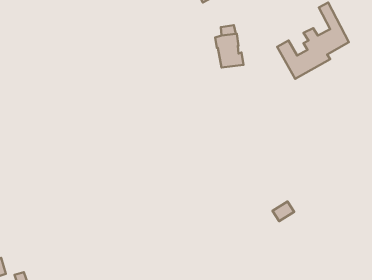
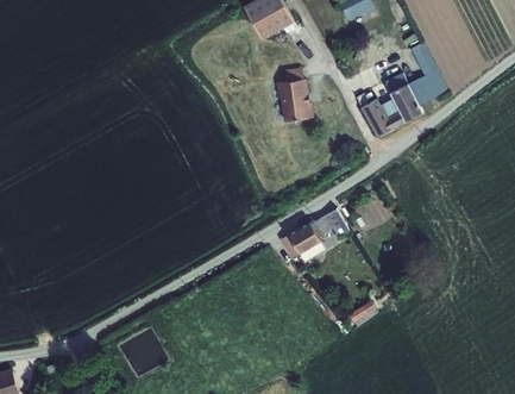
building: none -> [278,211,346,261]

